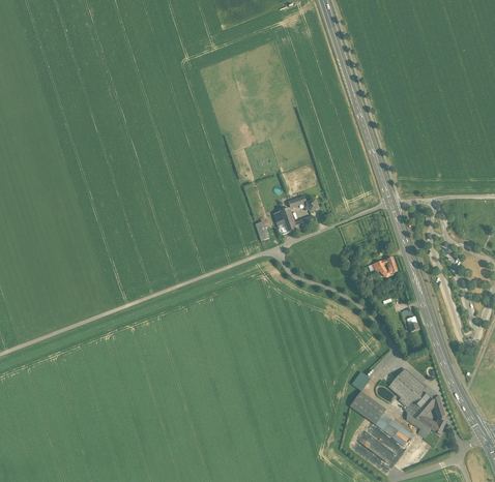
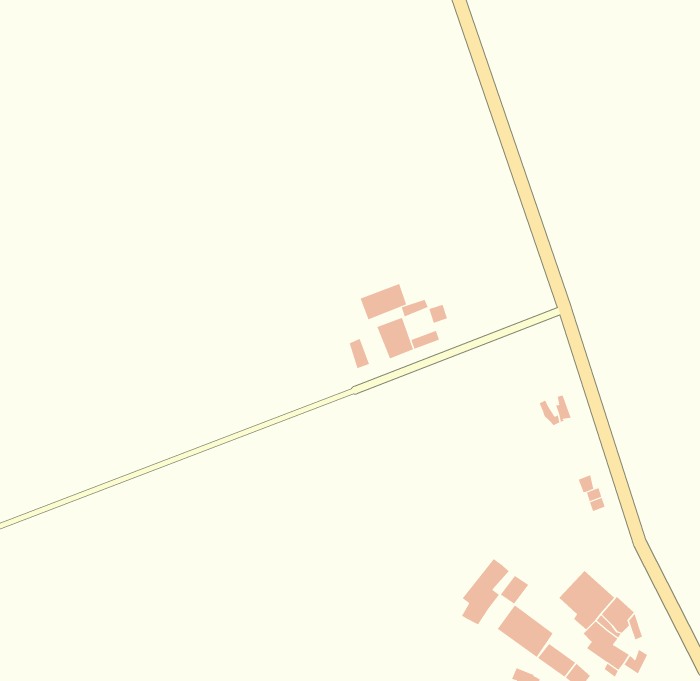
building: none -> [360,283,407,320]
building: none -> [461,558,509,625]

